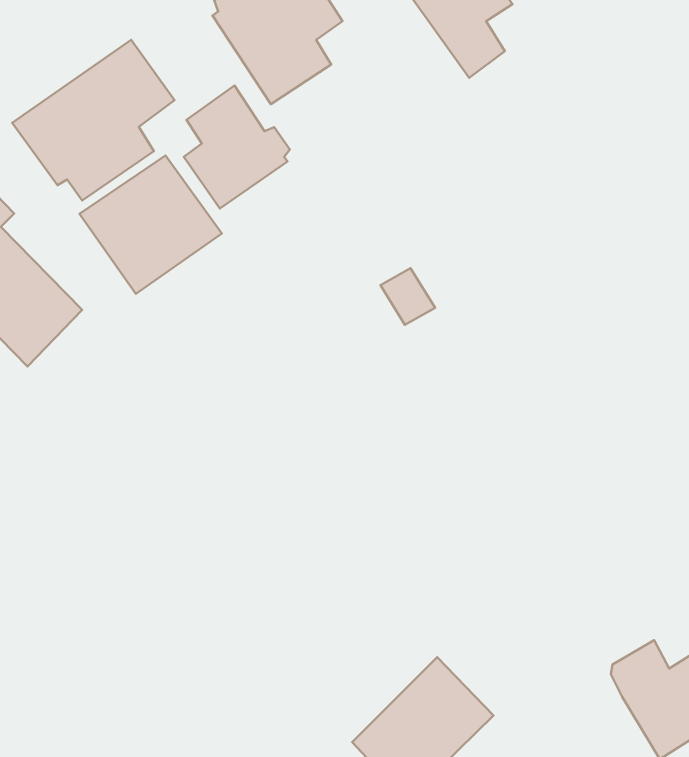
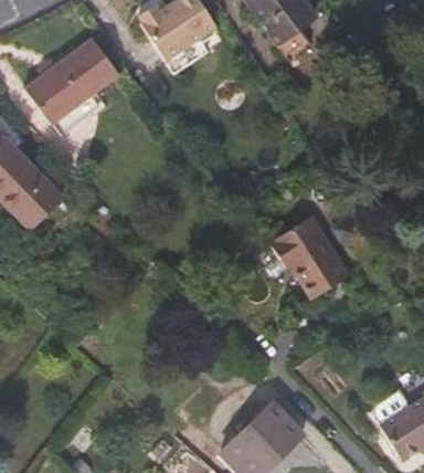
building: [184,86,290,209] -> none
building: [79,156,222,294] -> none
building: none -> [271,216,349,301]

